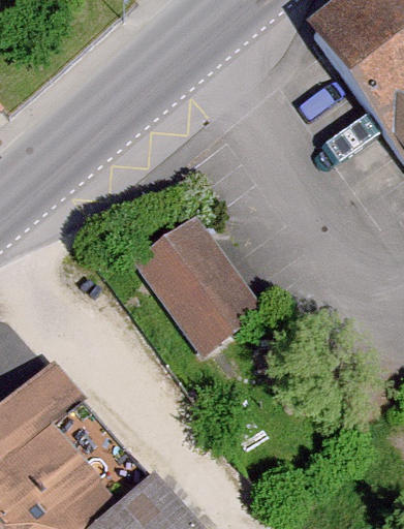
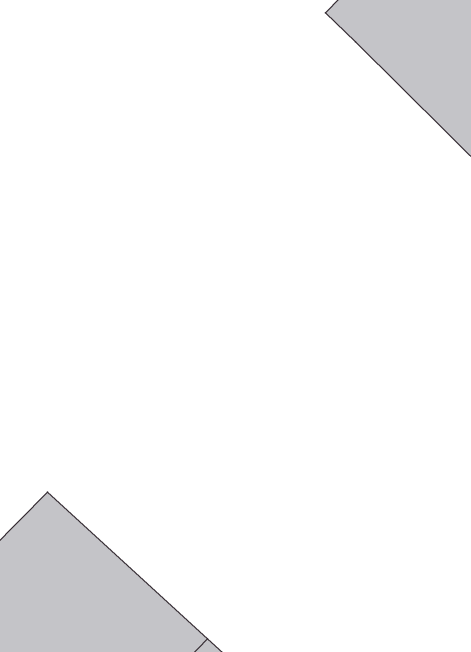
building: [130,214,265,365] -> none

